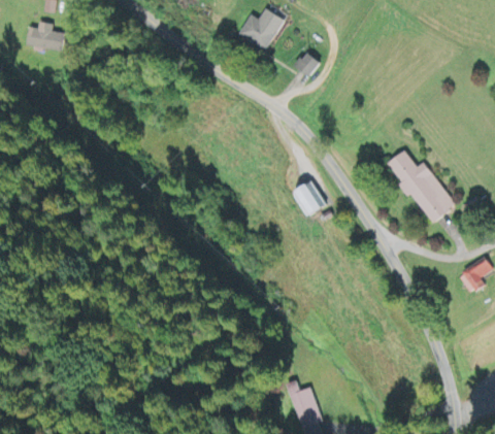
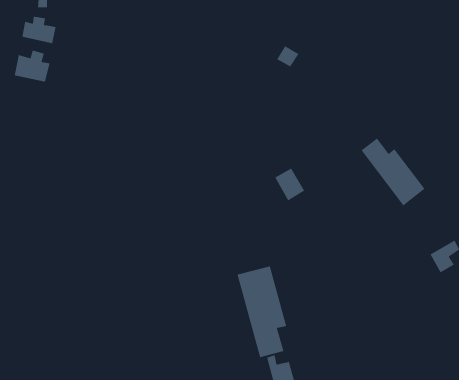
building: [240,8,284,48] -> none
building: none -> [14,50,51,83]
building: none -> [237,266,287,358]

